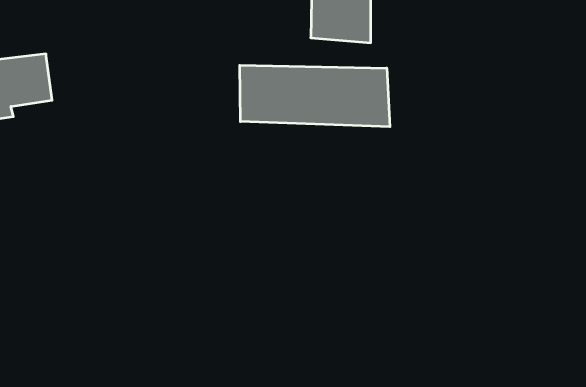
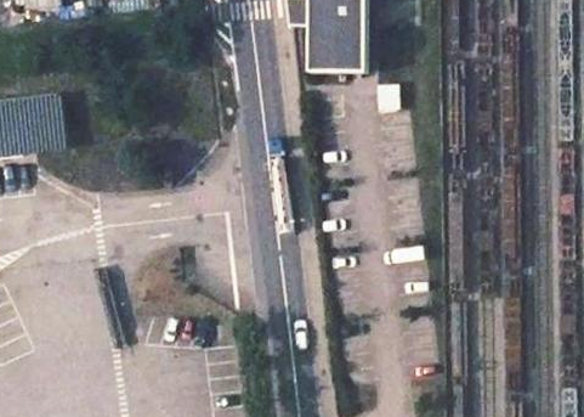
building: [240,65,390,127] -> none

